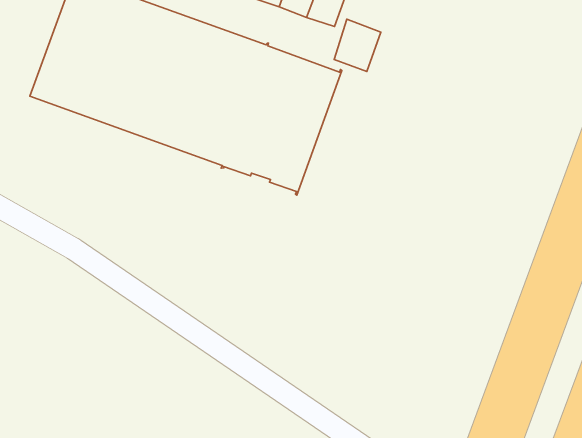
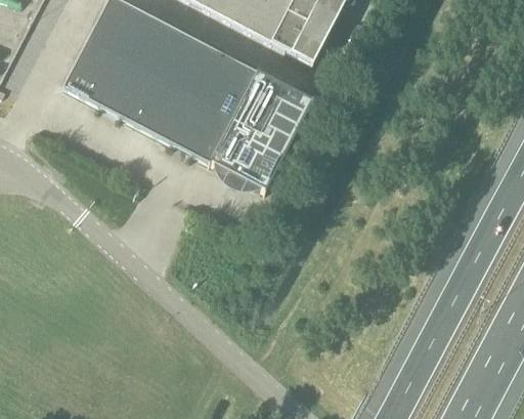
building: [334,19,381,71] -> none

